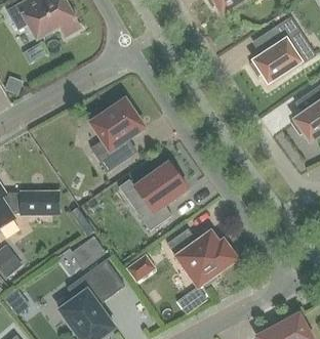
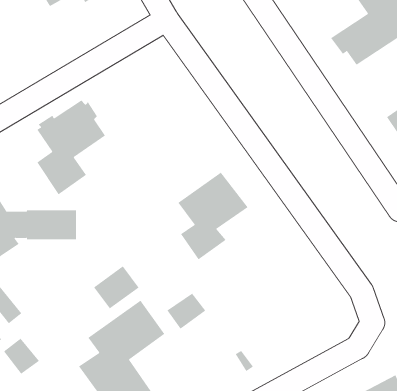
building: [91,100,144,172] -> [36,100,106,195]
building: [167,228,237,287] -> none

